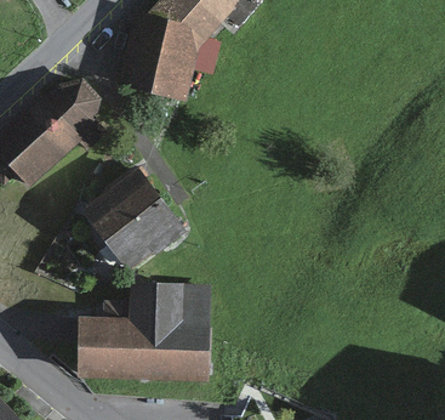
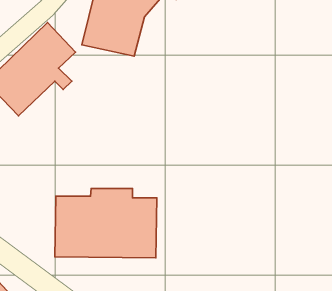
building: [84,180,183,277] -> none

